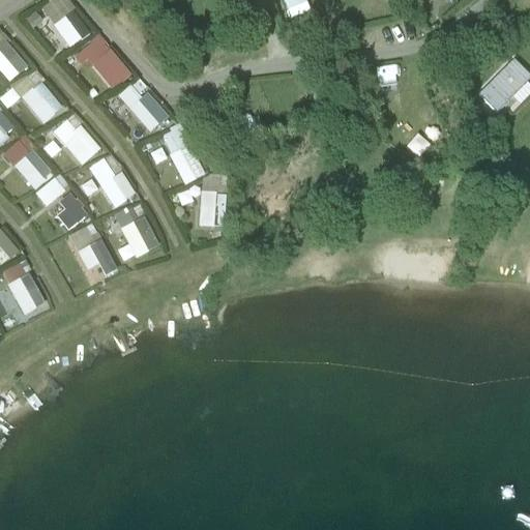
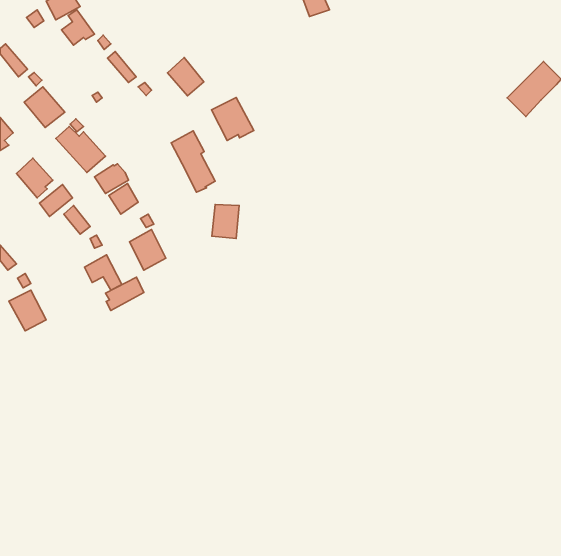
building: none -> [211,98,254,140]
building: [131,92,166,128] -> [168,58,204,96]
building: none -> [106,277,144,310]

